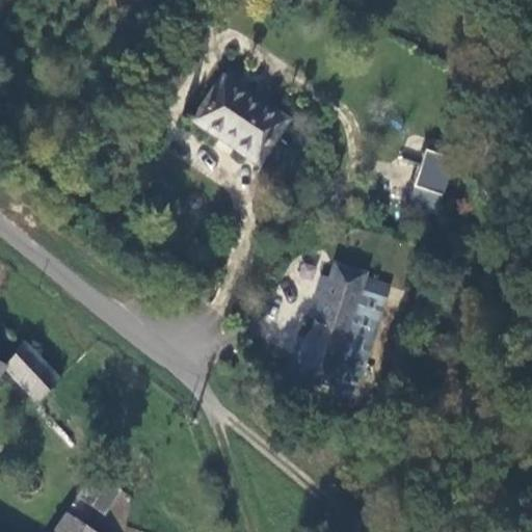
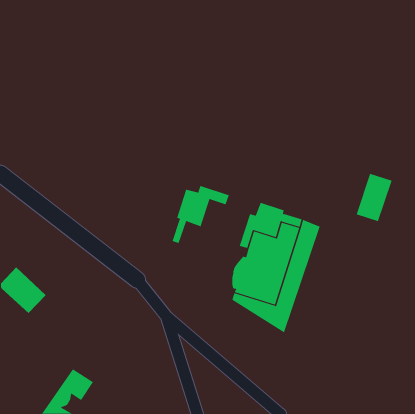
building: [187,77,278,162] -> none
building: [410,145,457,208] -> [356,173,392,222]
building: none -> [172,185,230,244]

